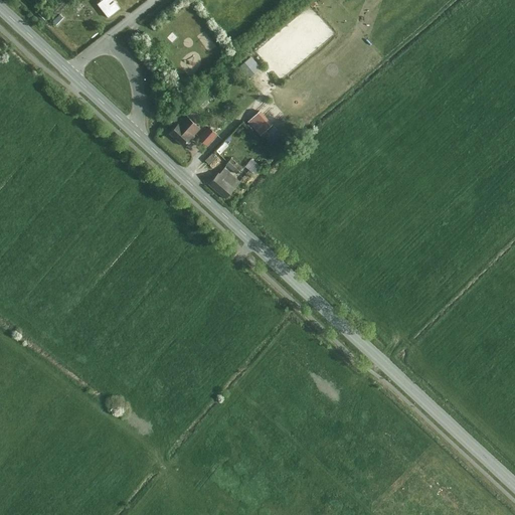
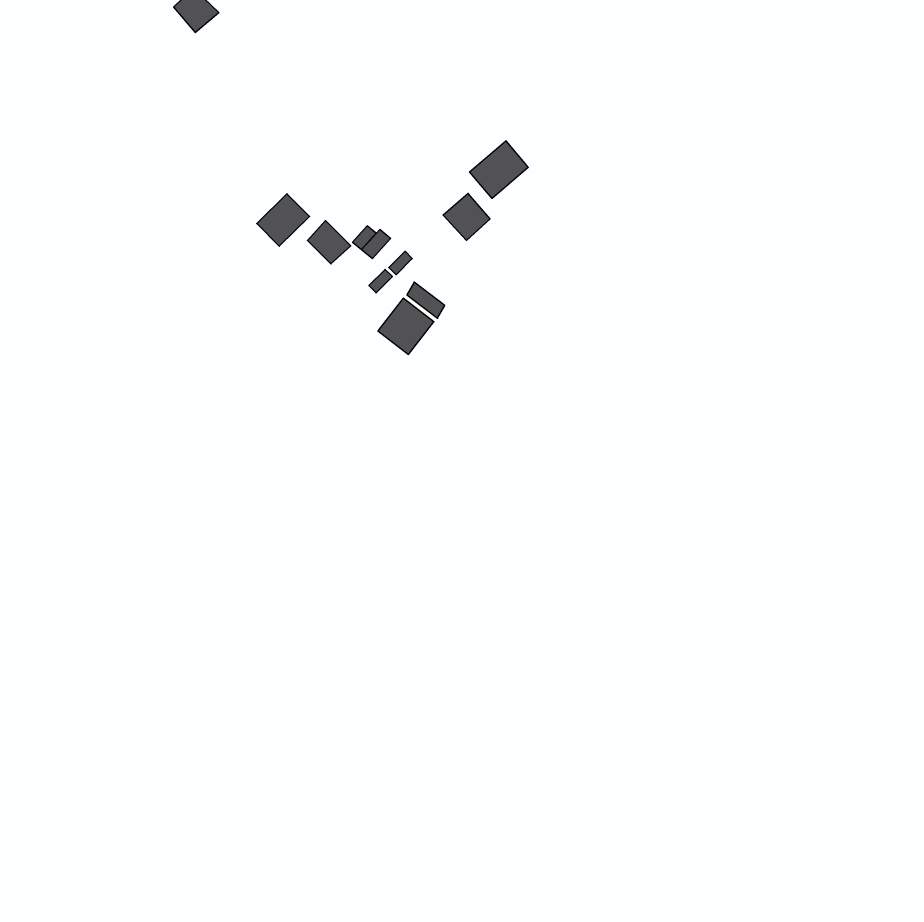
building: none -> [470,141,528,198]
building: none -> [257,194,310,246]

